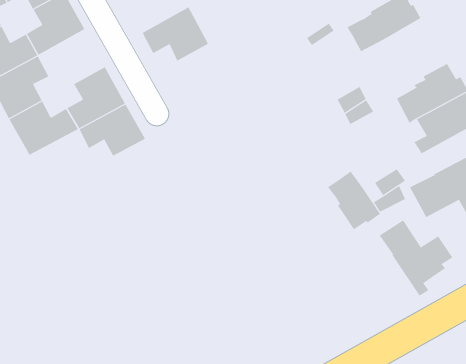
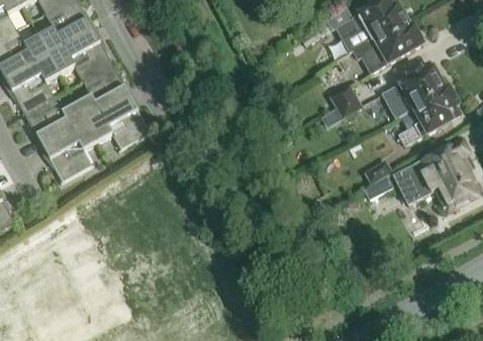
building: [142,7,209,61] -> [53,30,114,81]
building: none -> [353,20,422,73]
building: none -> [44,122,99,180]
building: [327,171,381,230] -> none
building: [379,219,453,296] -> none

